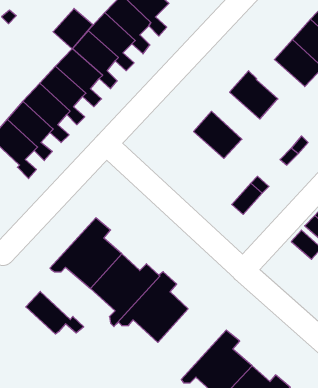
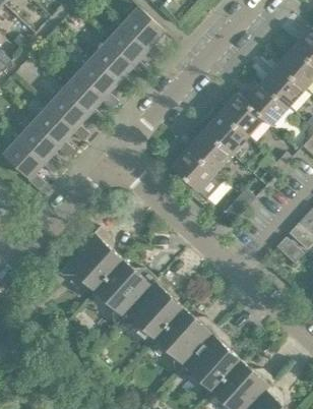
building: [53,8,93,49] -> none
building: none -> [244,82,288,126]
building: none -> [203,112,247,155]
building: none -> [170,148,223,198]
building: [26,291,84,334] -> none
building: none -> [154,308,216,372]

